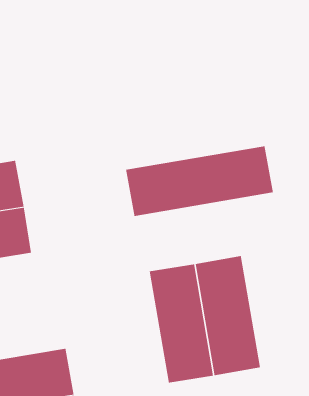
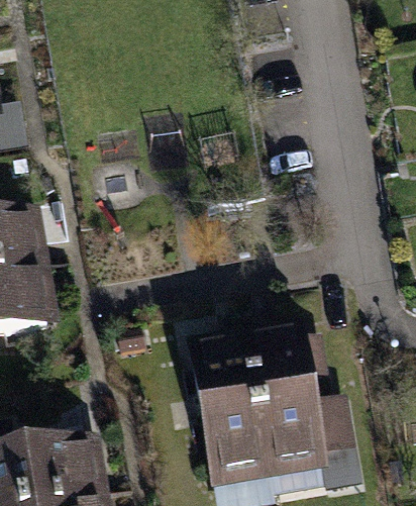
building: [126,145,274,217] -> none

